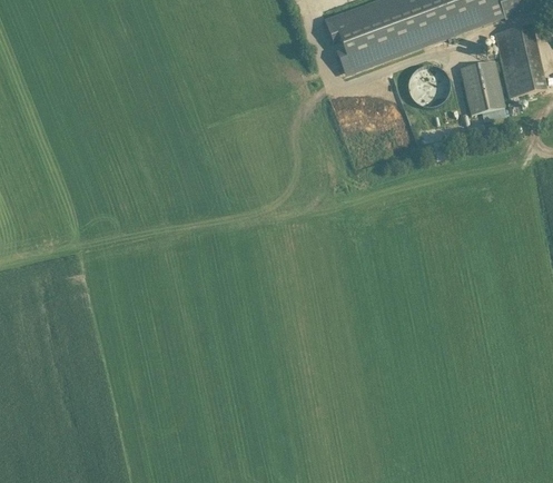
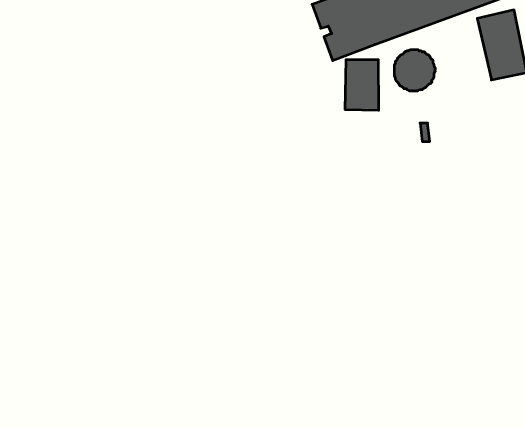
building: [460,60,503,114] -> none
building: none -> [345,60,379,110]

